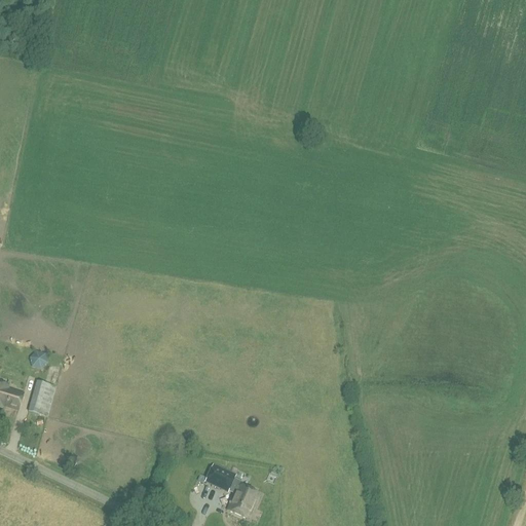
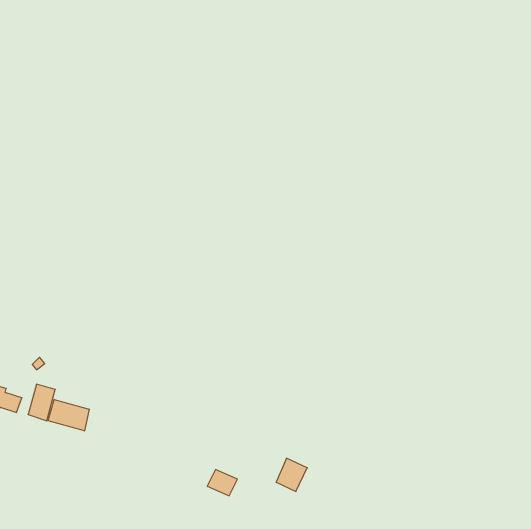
building: none -> [48,399,89,431]
building: [227,484,258,517] -> [276,458,307,492]

